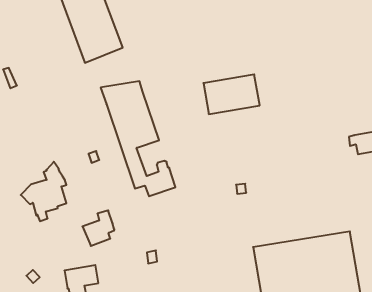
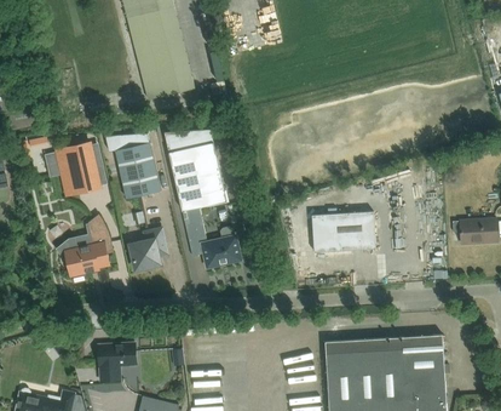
building: [203,74,260,114] -> [311,211,375,252]
building: none -> [105,132,161,199]
building: none -> [45,141,102,196]
building: [82,210,114,246] -> [128,229,166,269]

